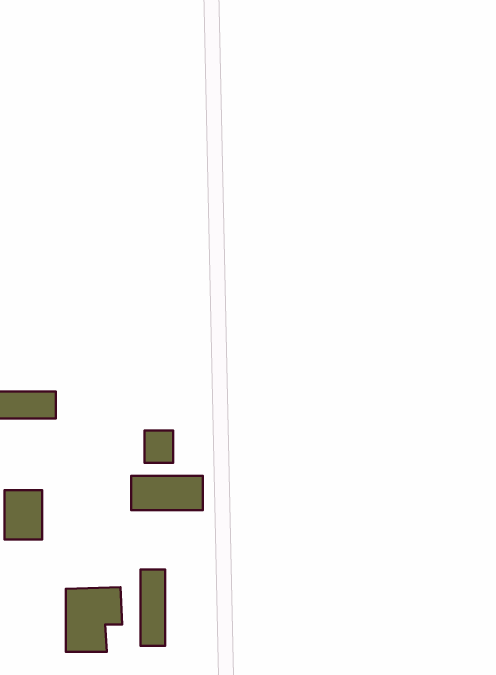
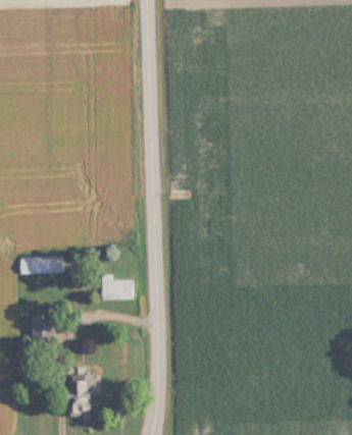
building: [131,476,203,510] -> none
building: [140,569,165,646] -> none

